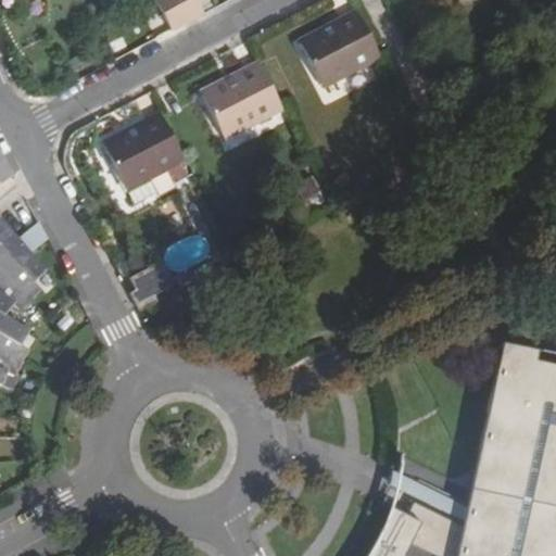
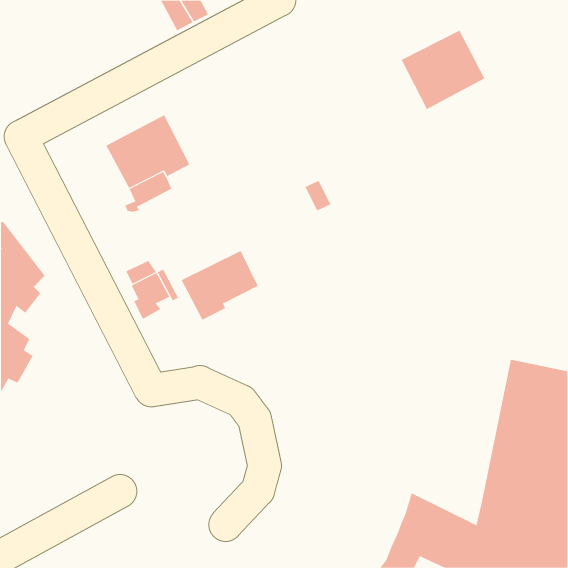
building: [299,11,381,89] -> [401,30,485,110]
building: [200,61,283,140] -> none
building: none -> [181,250,258,321]

